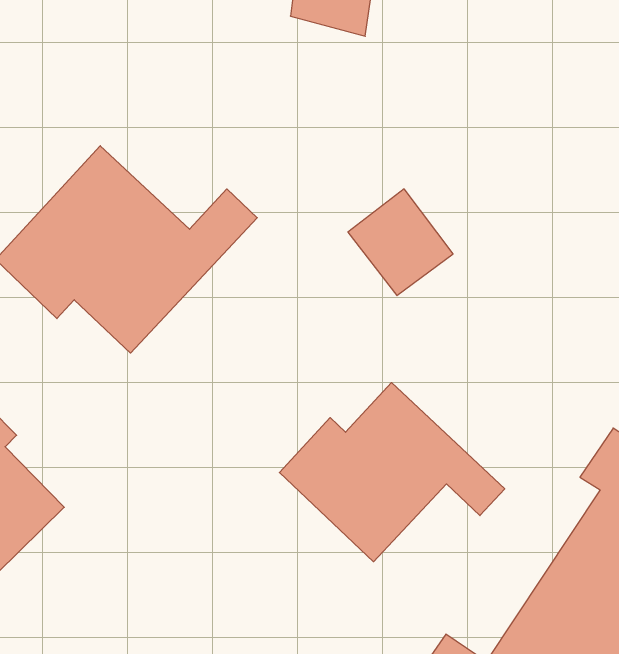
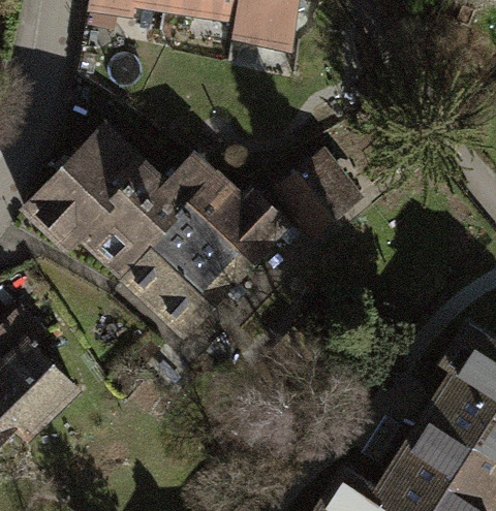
building: none -> [123,177,288,332]
building: [279,383,505,562] -> none

